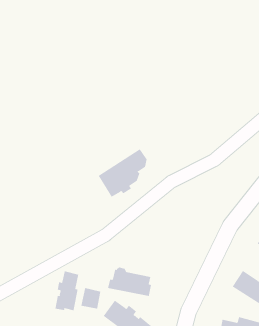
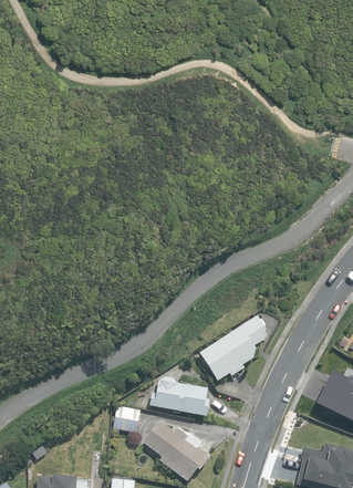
building: [98,148,148,197] -> [200,315,267,381]
building: [55,271,79,311] -> none

